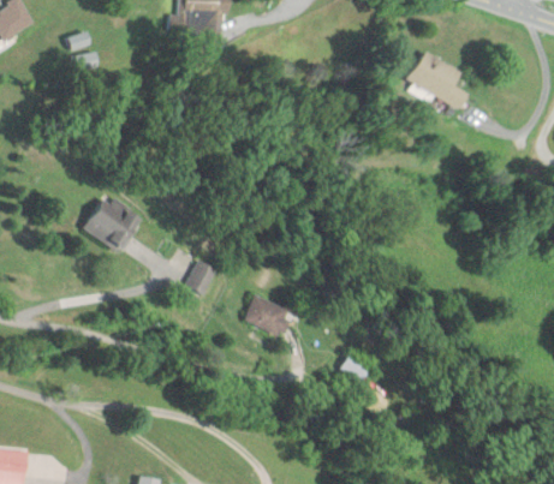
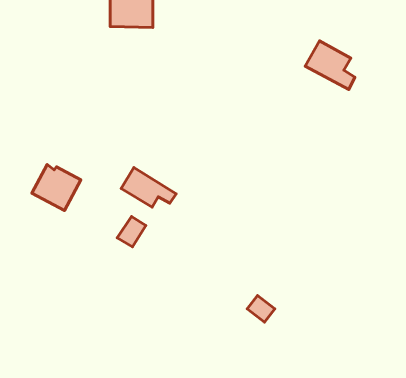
building: none -> [121,167,176,207]
building: [244,293,292,336] -> none

